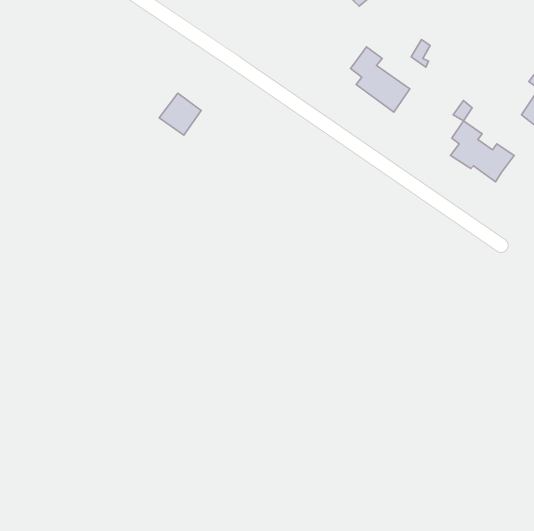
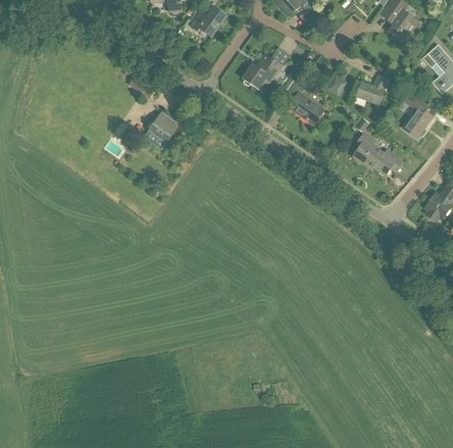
building: none -> [243,52,284,92]
building: none -> [356,73,390,104]

